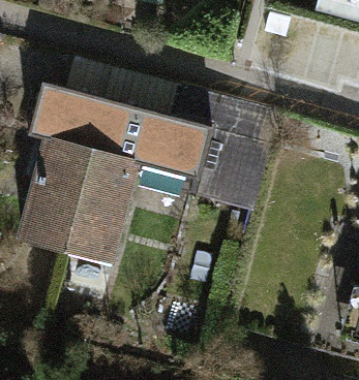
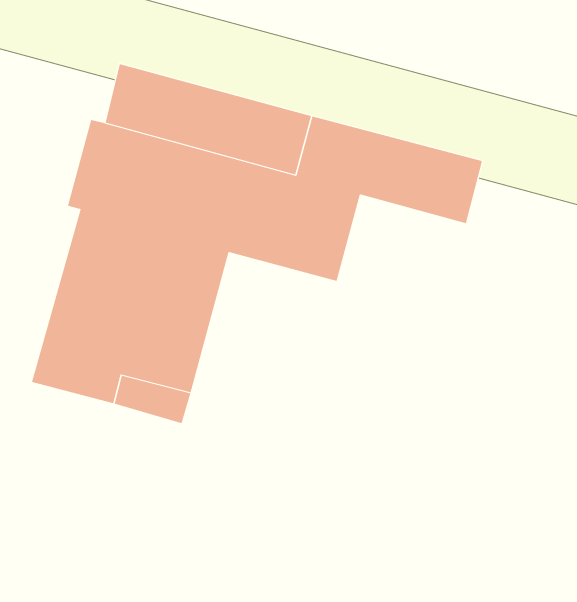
building: [196,135,270,226] -> none

